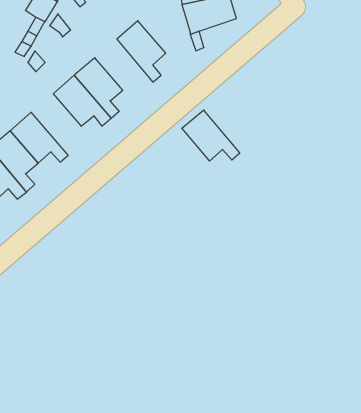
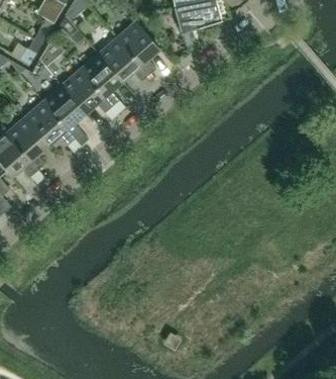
building: none -> [42,85,86,138]
building: [182,110,240,161] -> [98,37,148,82]

